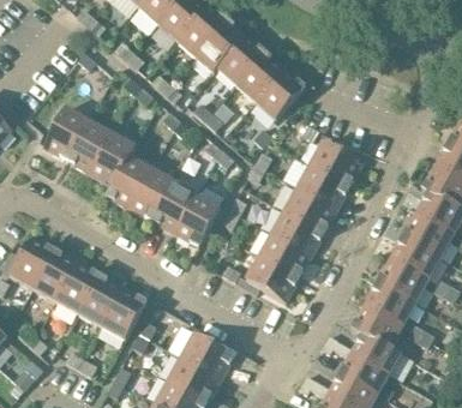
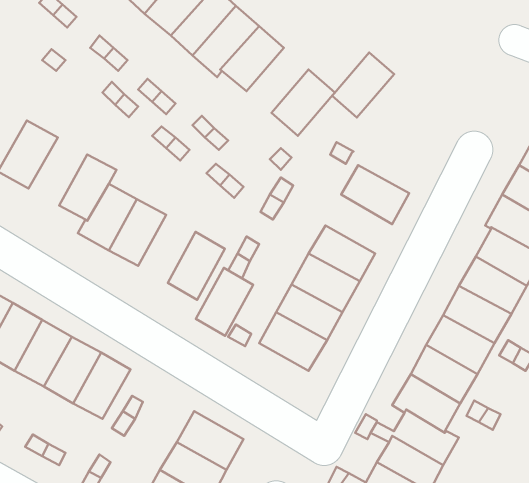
building: [236,50,284,101] -> [332,53,394,117]
building: [67,120,113,173] -> none
building: [298,164,349,210] -> none
building: [152,180,197,233] -> [196,268,253,336]

